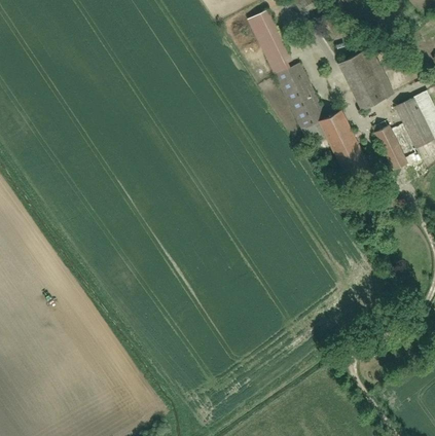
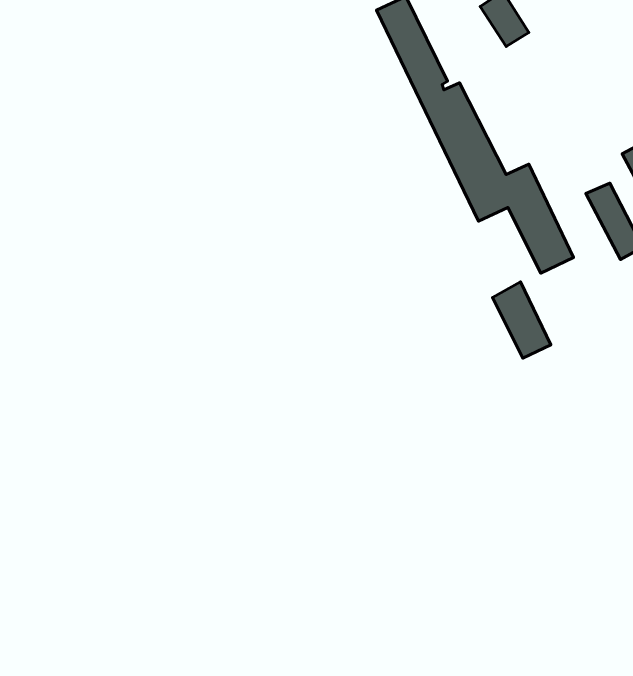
building: [340,45,396,108] -> none
building: none -> [493,282,551,358]

